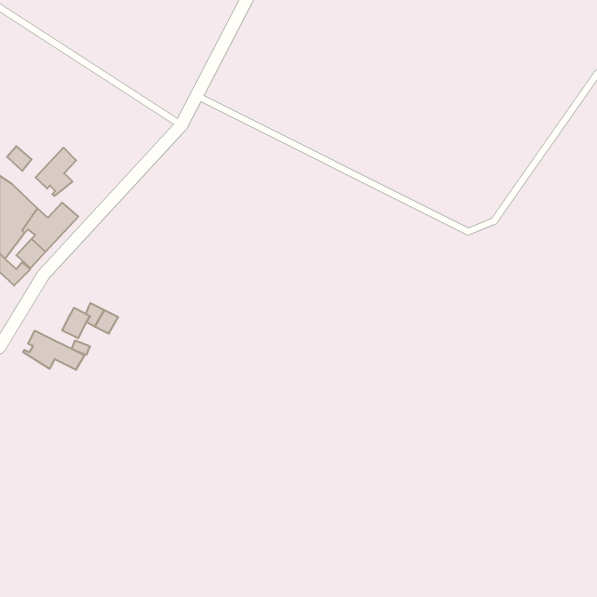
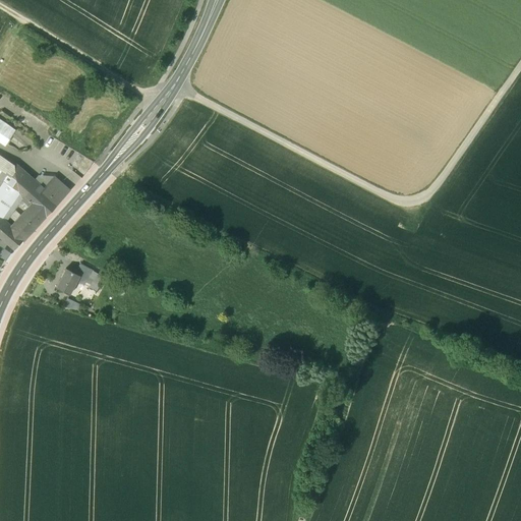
building: [36,148,76,196] -> none
building: [23,331,84,370] -> none

